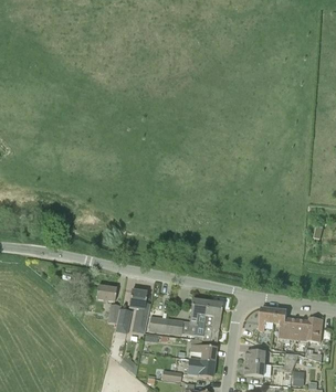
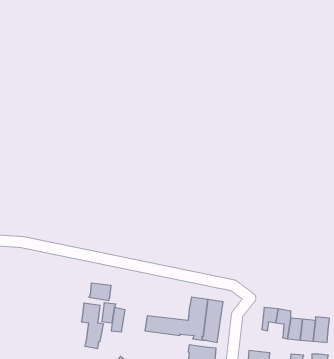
building: [128,289,149,332] -> [81,303,104,349]

